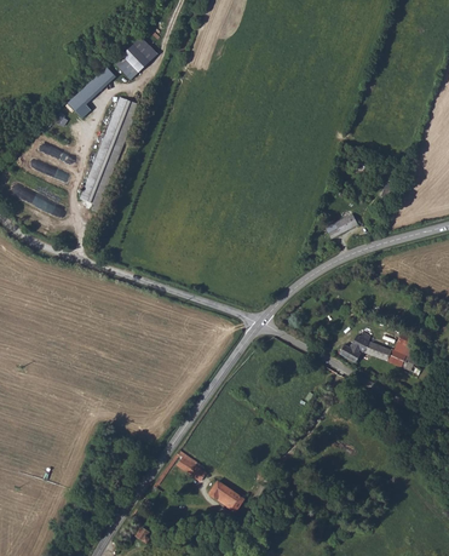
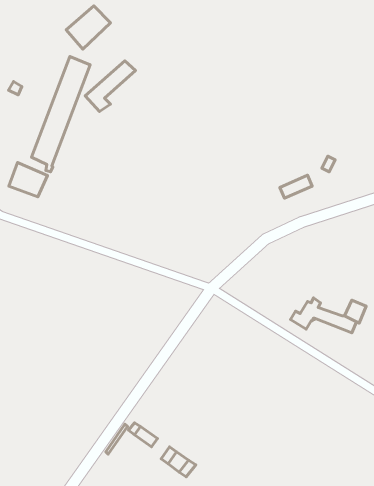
building: [67,67,117,117] -> [85,61,136,111]
building: none -> [9,162,47,197]

